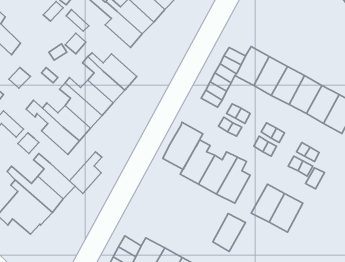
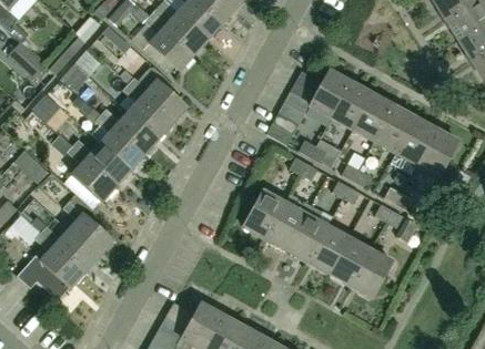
building: [163,122,203,169] -> none
building: [70,152,102,193] -> none
building: [213,214,246,252] -> [309,227,348,274]

